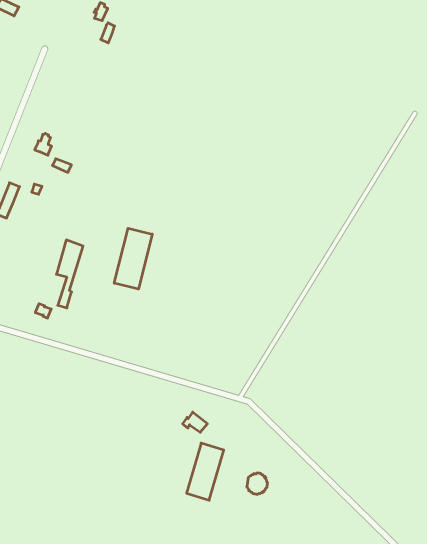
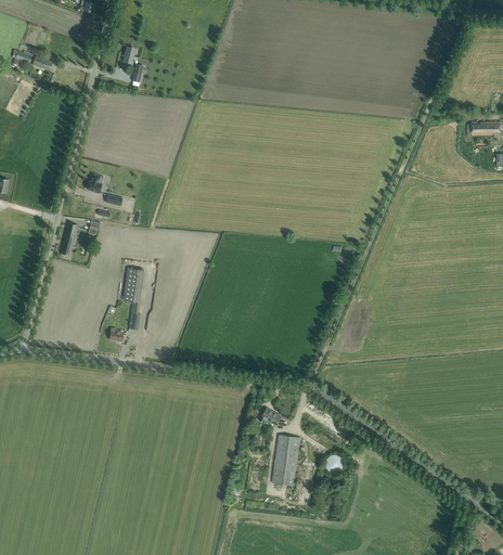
building: [114,228,152,289] -> none

